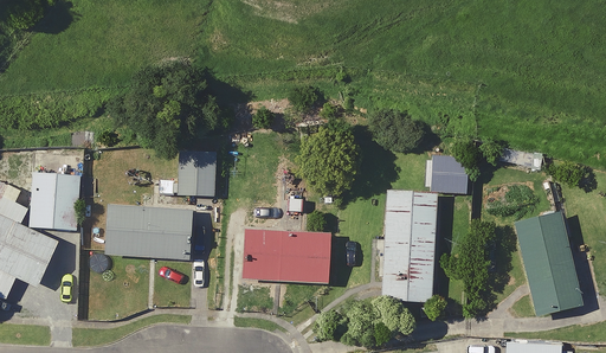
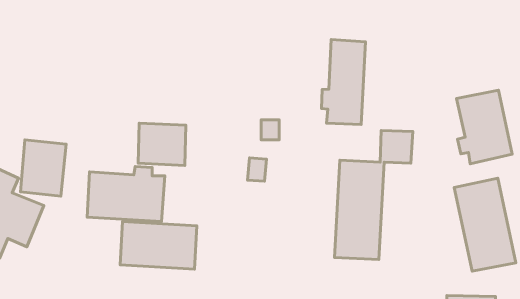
building: none -> [321,40,366,125]
building: none -> [456,90,512,164]
building: [244,231,329,284] -> [120,222,197,269]

